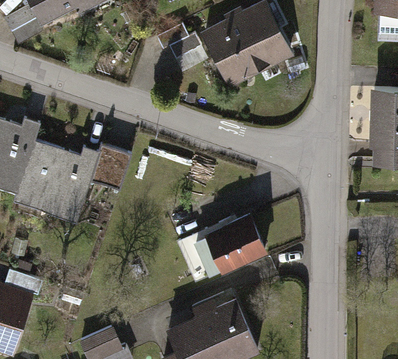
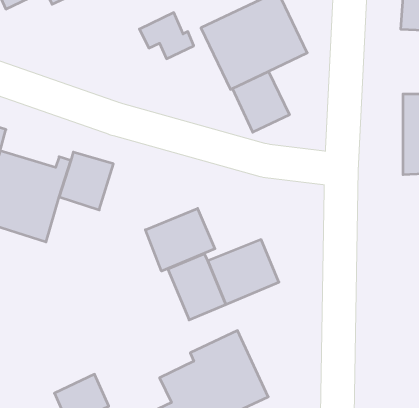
building: none -> [233,72,289,132]
building: none -> [145,208,215,271]

